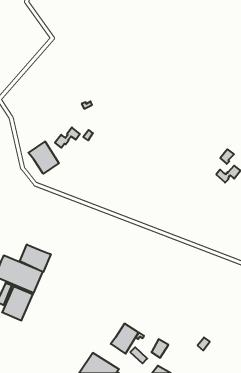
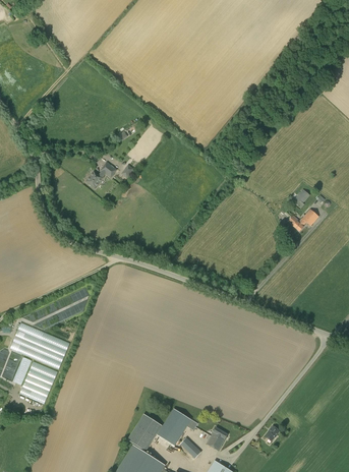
building: [28,141,59,174] -> none
building: [20,244,51,272] -> none
building: none -> [128,414,162,451]

